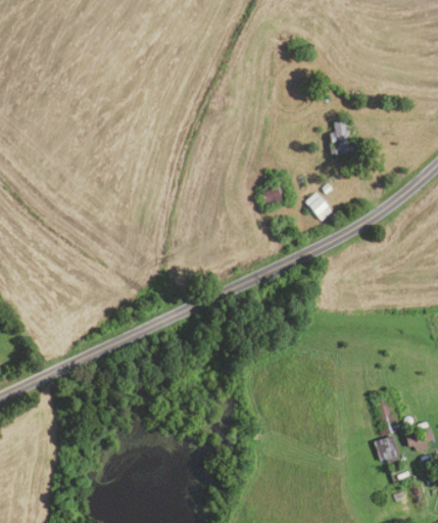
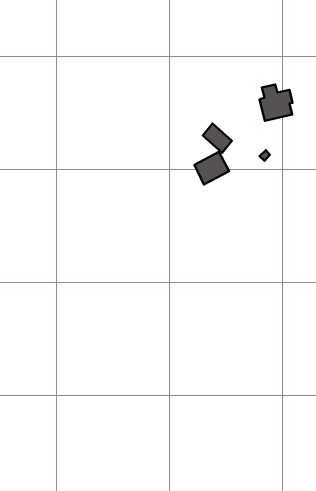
building: [303,192,331,222] -> [203,124,232,153]

